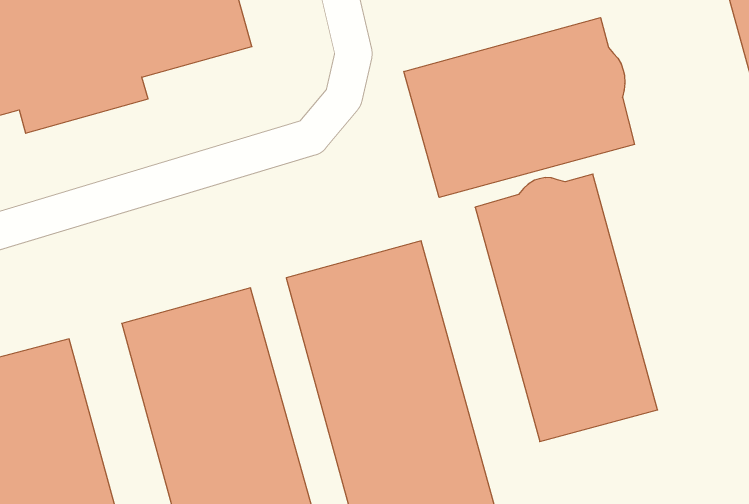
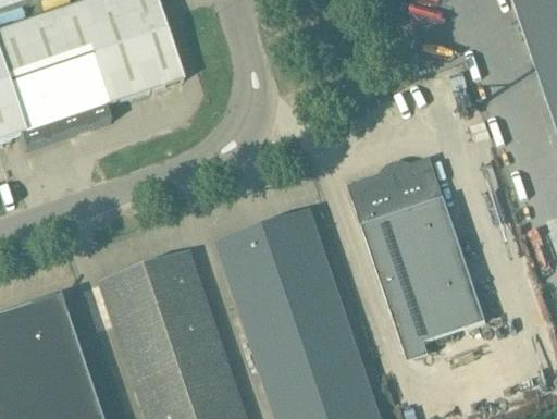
building: [404,18,635,197] -> none

